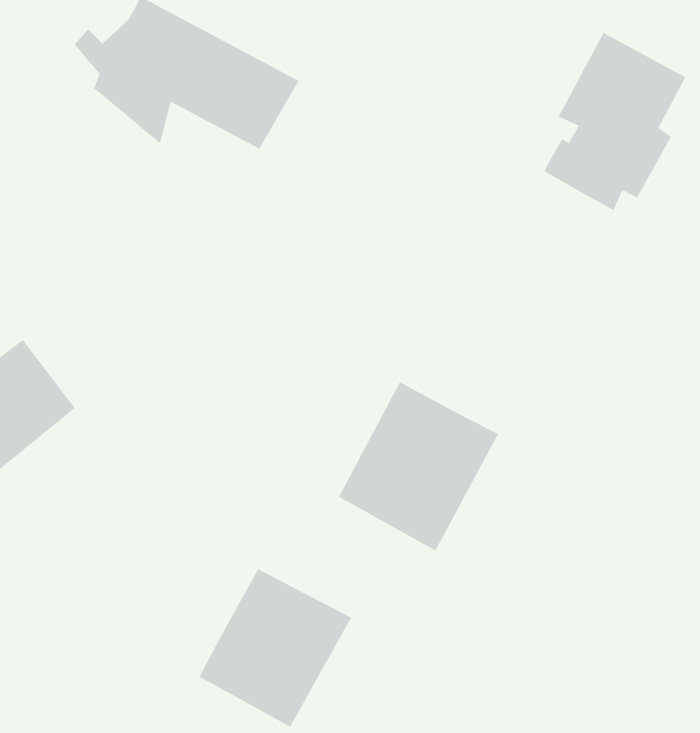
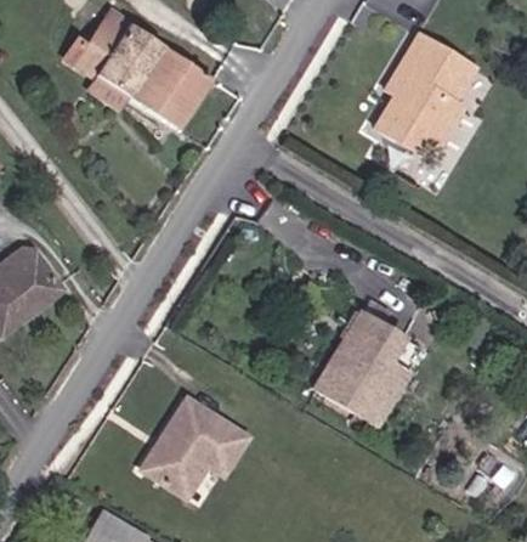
building: [338,381,499,551] -> [313,310,421,424]

